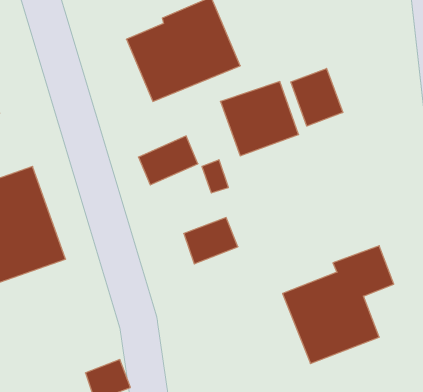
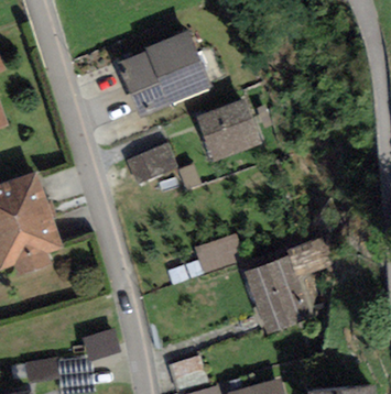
building: [291,68,343,126] -> none
building: [184,218,238,264] -> [197,236,242,274]

